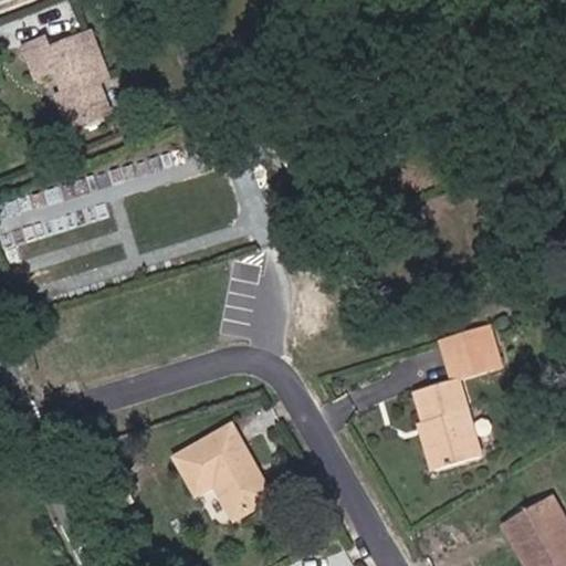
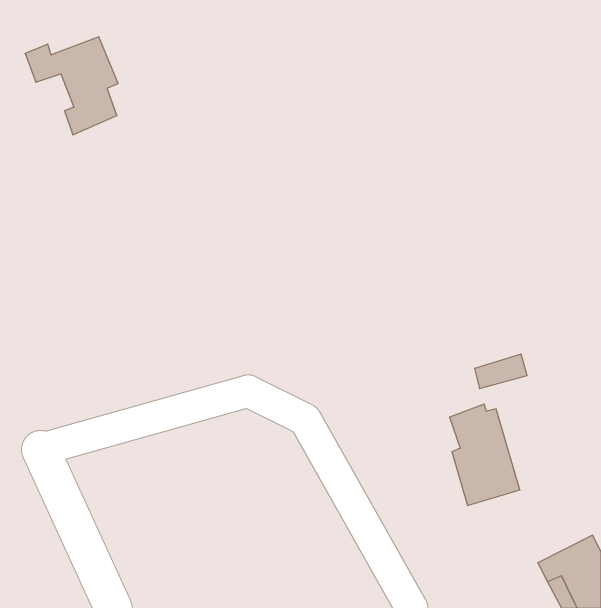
building: [444,348,495,381] -> none
building: [175,424,266,514] -> none

